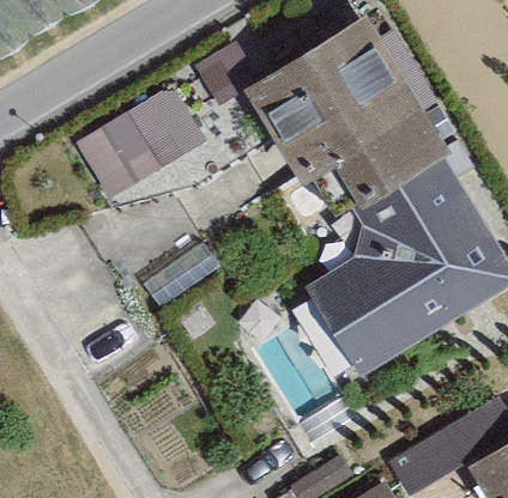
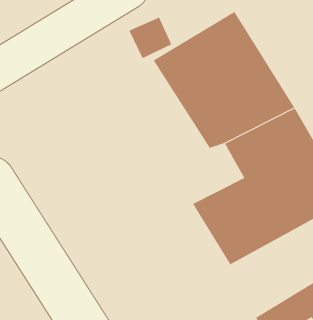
building: [86,73,218,184] -> none

